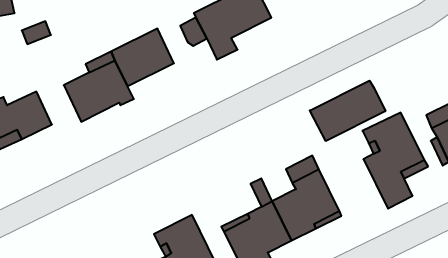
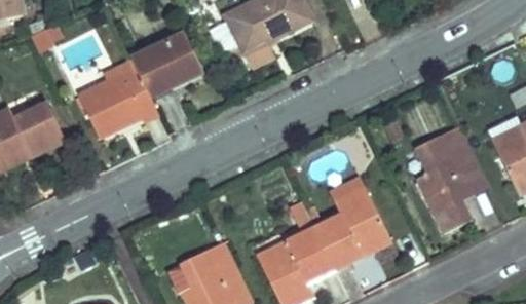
building: [310,81,385,141] -> none

